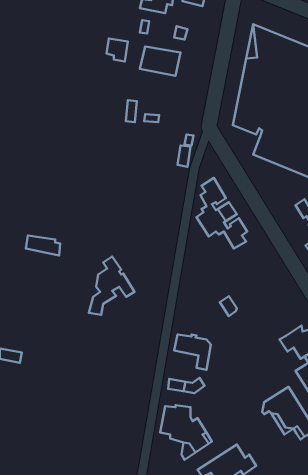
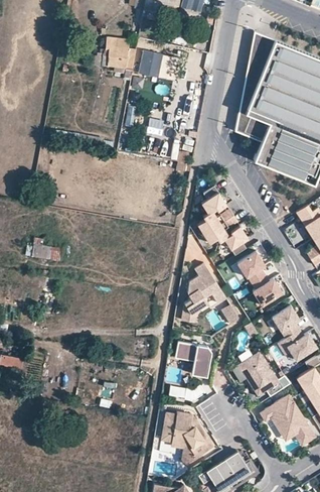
building: none -> [239,252,271,286]
building: [89,256,134,315] -> [180,262,225,321]
building: none -> [254,279,287,311]
building: none -> [272,306,303,342]
building: none -> [238,351,280,395]

